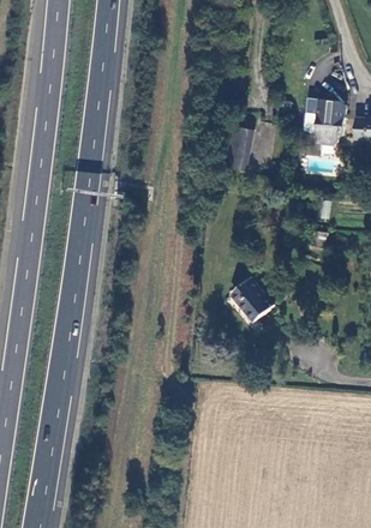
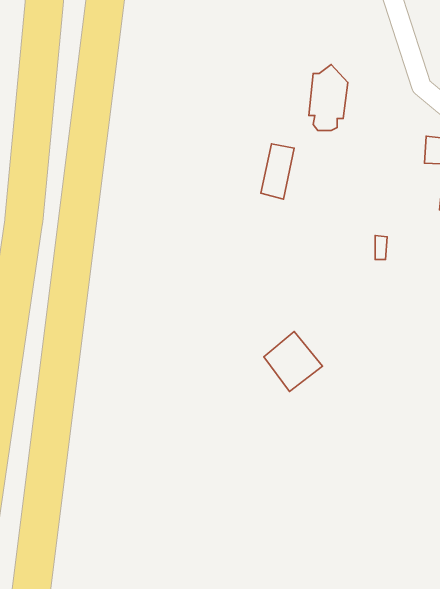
building: [315,91,346,144] -> [309,65,348,131]

